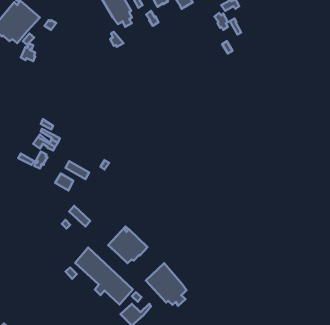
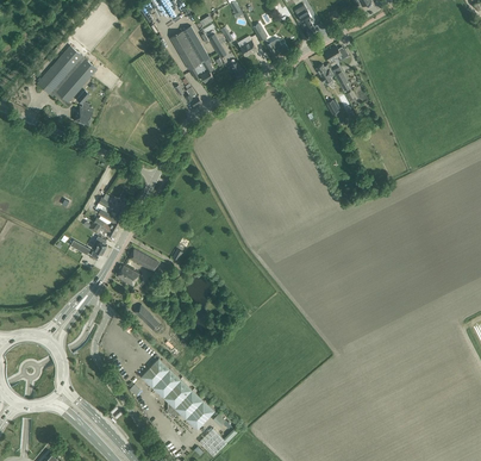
building: [108,227,148,263] -> none
building: [146,263,186,306] -> none

